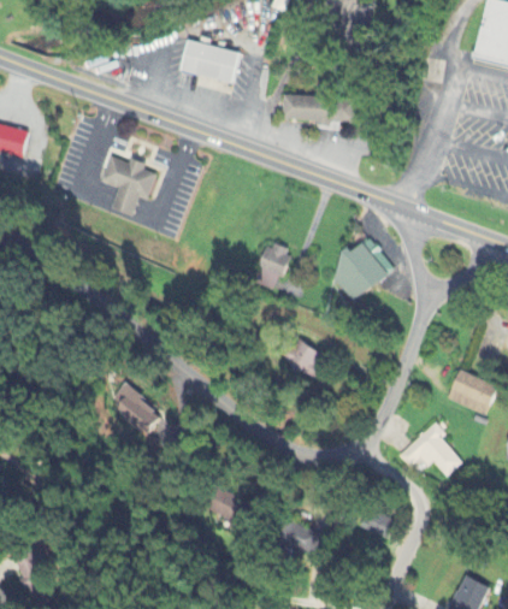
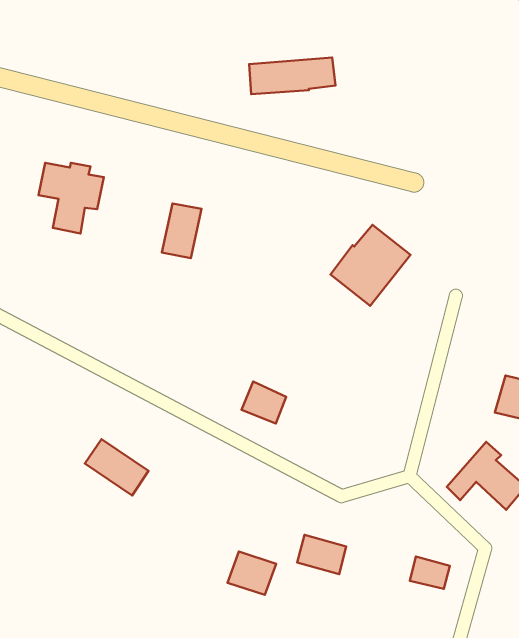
building: [177,40,236,83] -> none
building: [253,243,289,289] -> [162,203,202,258]
building: [284,338,321,374] -> [241,381,286,424]
building: [283,520,324,555] -> [297,535,346,574]

